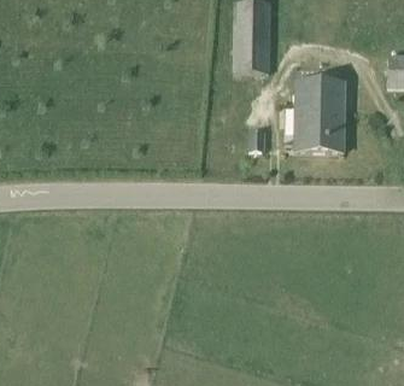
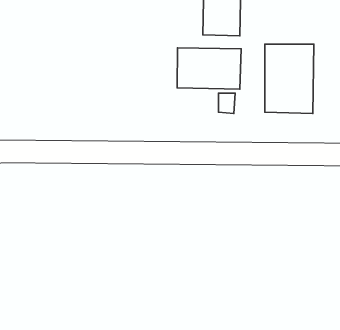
building: none -> [177,48,241,89]

